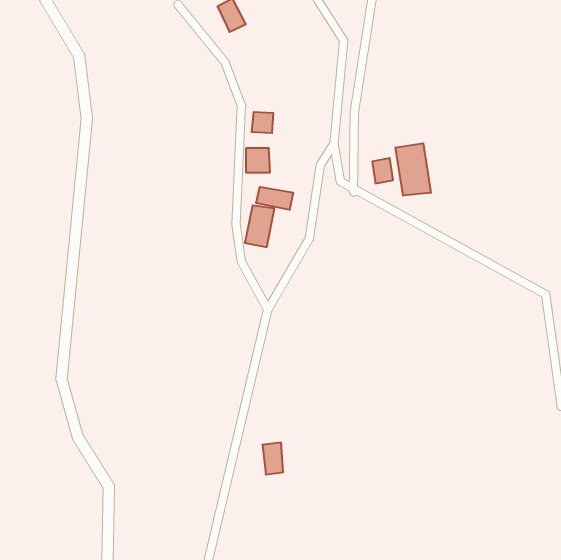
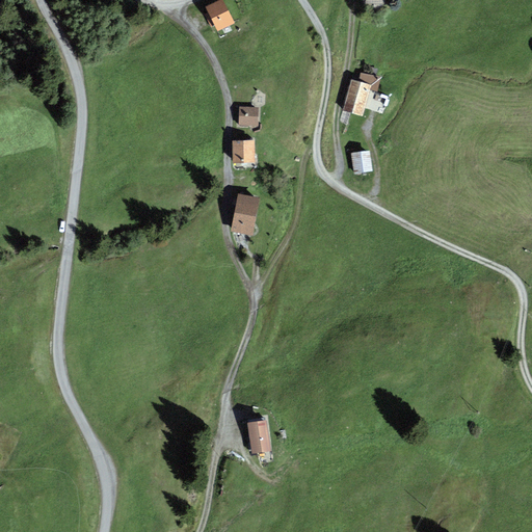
building: none -> [343,80,372,113]
building: [396,143,431,196] -> none
building: [256,187,293,210] -> none

